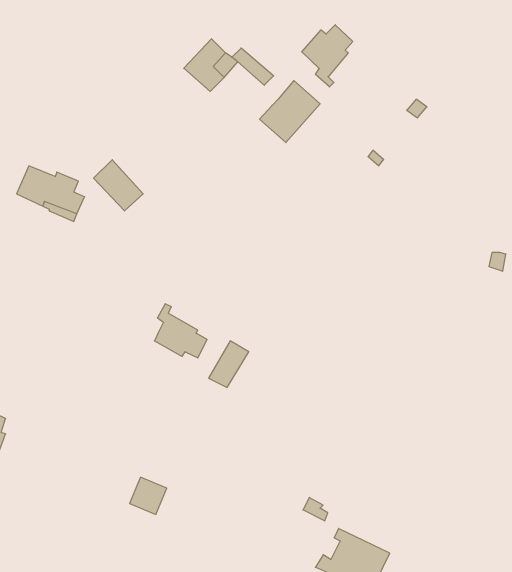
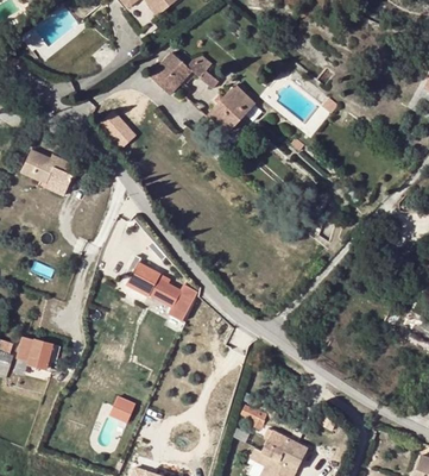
building: [302,25,353,87] -> none
building: [94,160,143,211] -> [101,107,139,146]
building: none -> [17,336,61,369]

